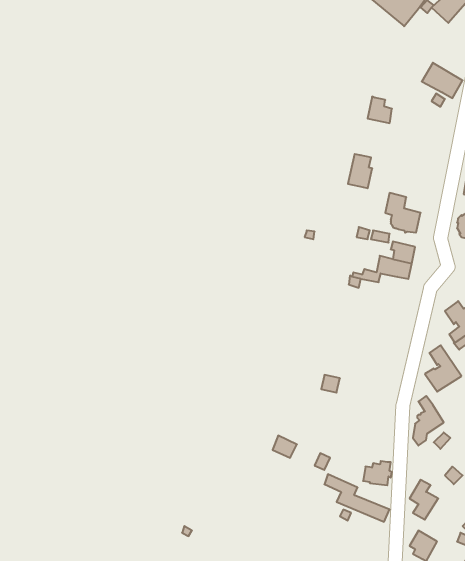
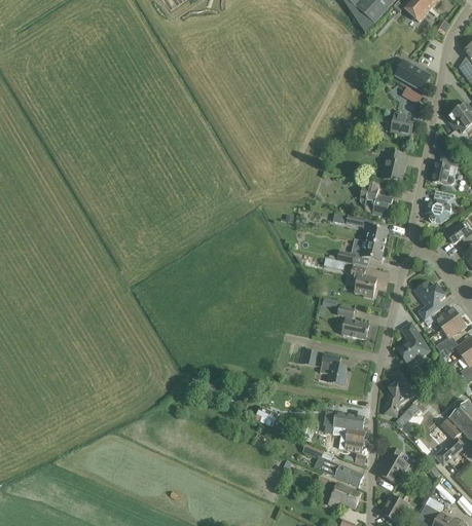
building: [368,97,392,123] -> [391,112,413,137]
building: [348,154,372,188] -> [383,150,405,182]
building: none -> [351,266,377,298]
building: none -> [338,306,369,339]
building: none -> [320,353,348,385]
building: none -> [324,410,365,436]
building: none -> [328,483,362,509]

